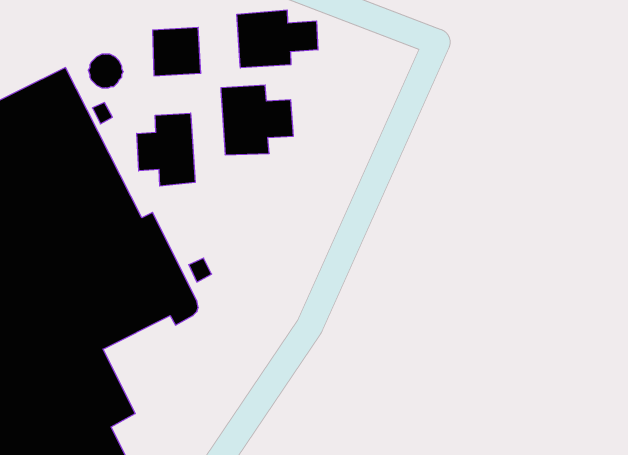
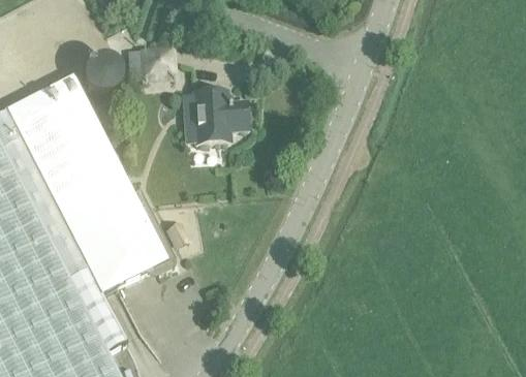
building: [237,10,318,68] -> none
building: [137,113,195,186] -> none

